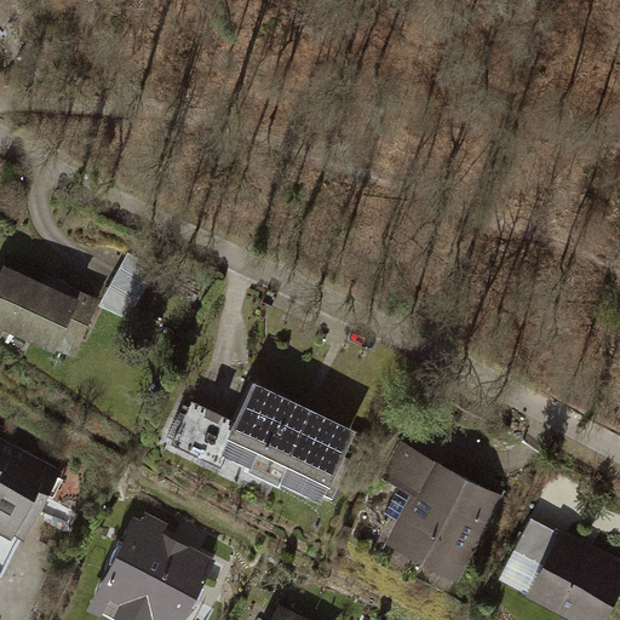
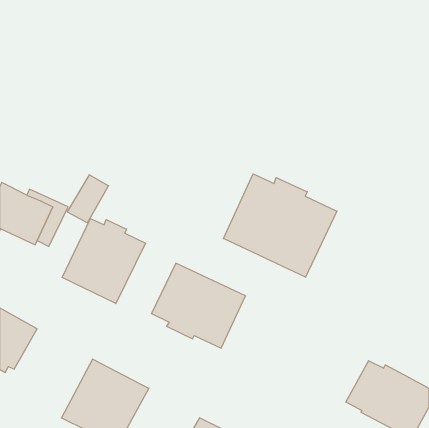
building: none -> [223,174,337,277]
building: none -> [62,218,145,304]
building: [381,444,503,584] -> none

